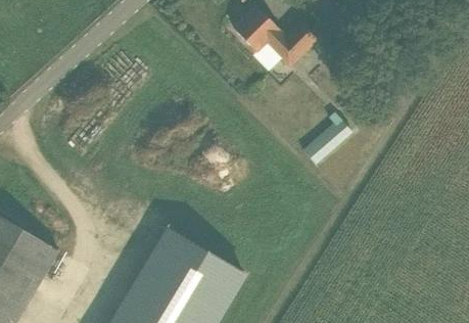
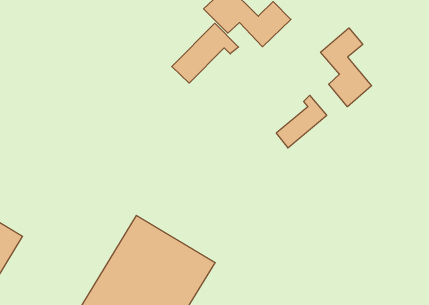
building: none -> [172,23,239,83]
building: none -> [321,28,372,107]

